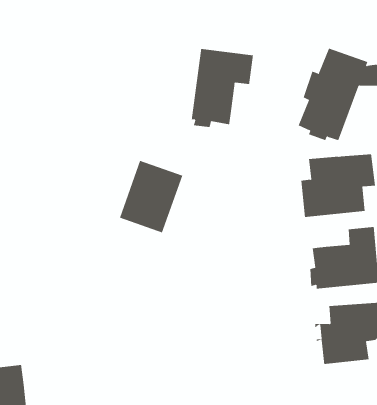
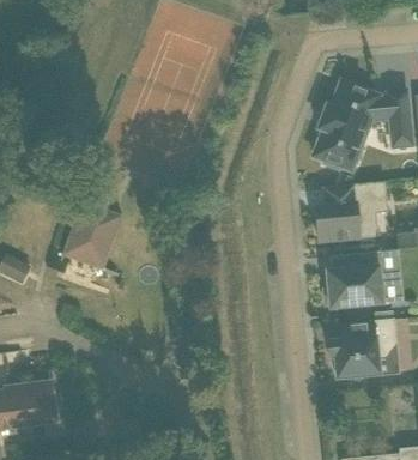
building: [191,48,253,128] -> none
building: [119,160,183,233] -> [63,200,123,268]

